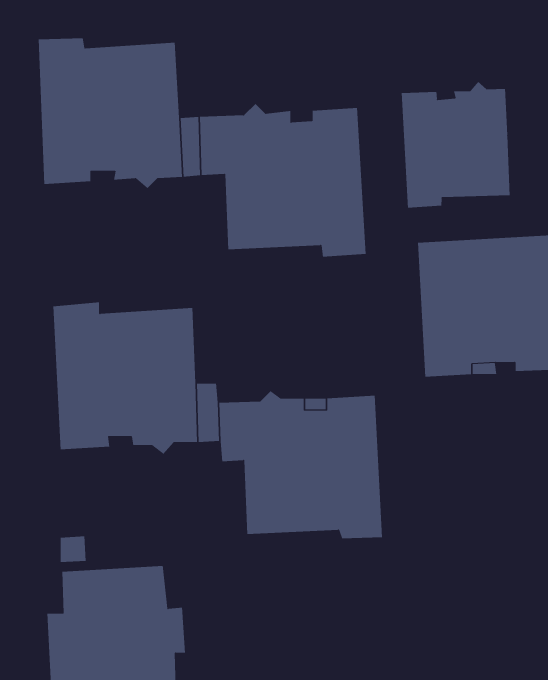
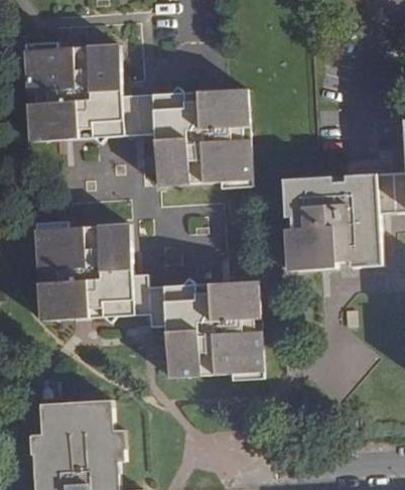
building: [401,81,510,208] -> none

